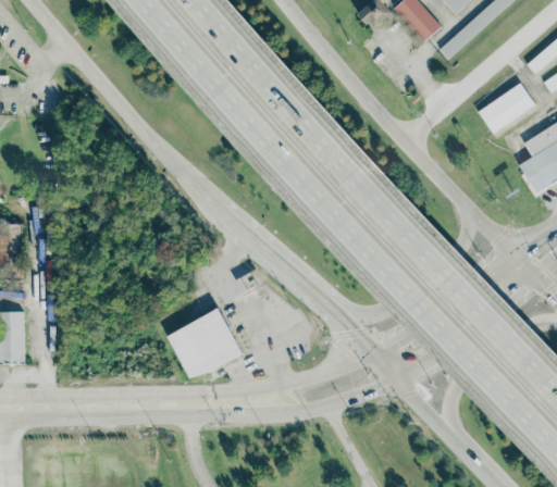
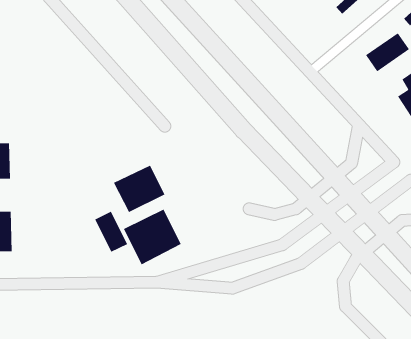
building: none -> [113,165,165,213]
building: none -> [95,211,128,253]

